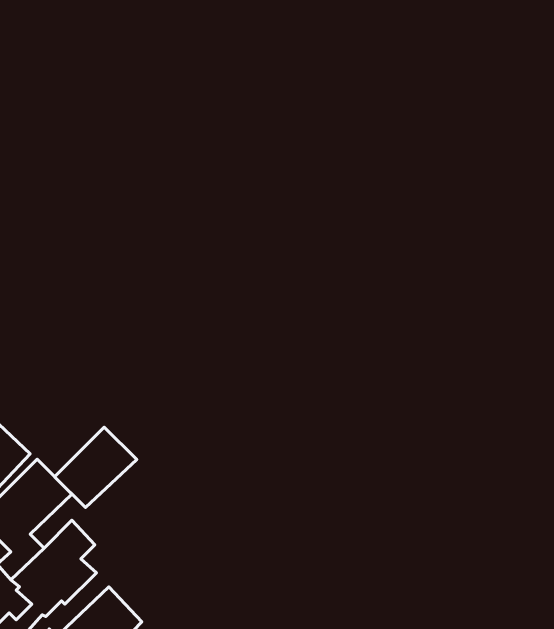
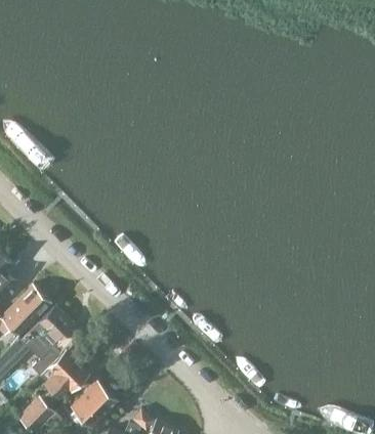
building: [55,427,137,507] -> none

